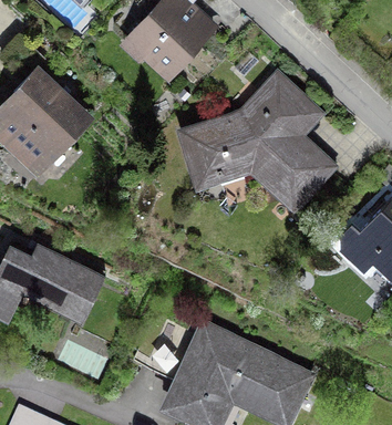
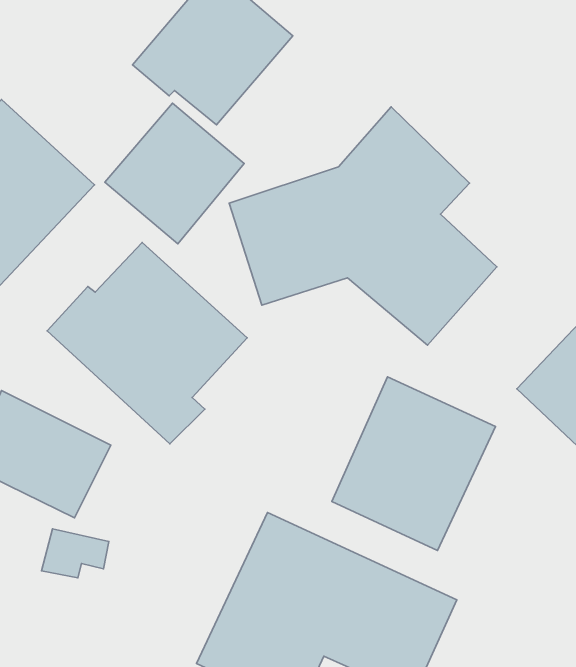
building: none -> [105,103,244,244]
building: none -> [47,243,247,444]
building: none -> [332,377,495,550]

